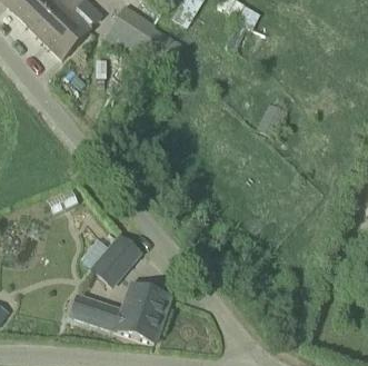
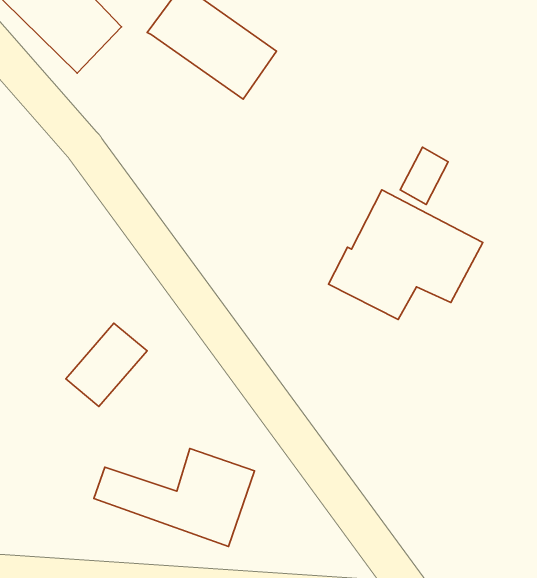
building: none -> [329,190,483,320]
building: [91,236,140,286] -> [66,323,147,406]

